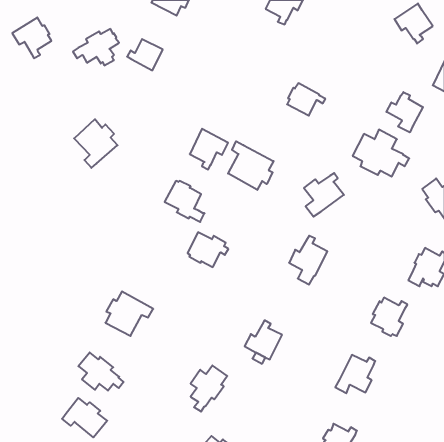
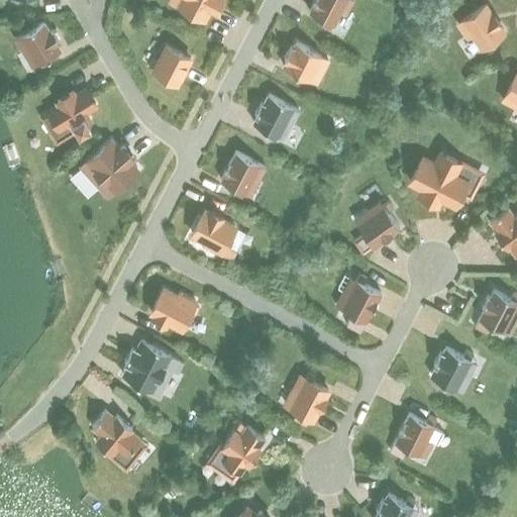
building: [73,29,119,65] -> [42,91,96,133]
building: none -> [253,96,299,143]
building: [287,83,325,116] -> [284,43,328,81]
building: [386,92,423,132] -> none
building: [228,141,274,190] -> none
building: [188,232,228,267] -> [151,290,199,330]
building: [62,398,107,437] -> none

